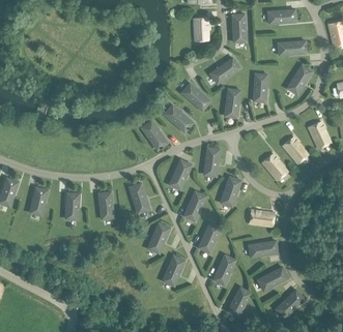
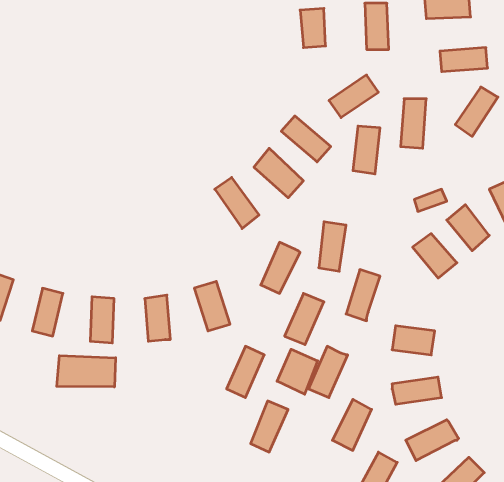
building: none -> [277,349,318,394]
building: none -> [57,356,116,387]

